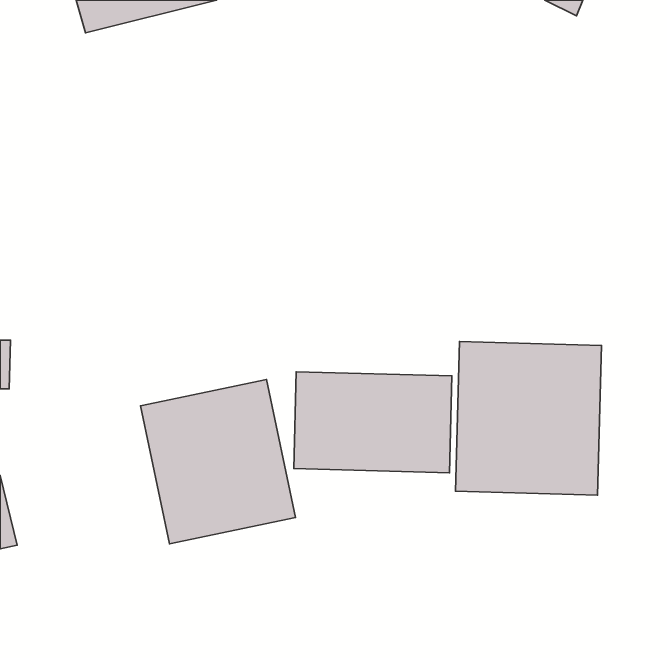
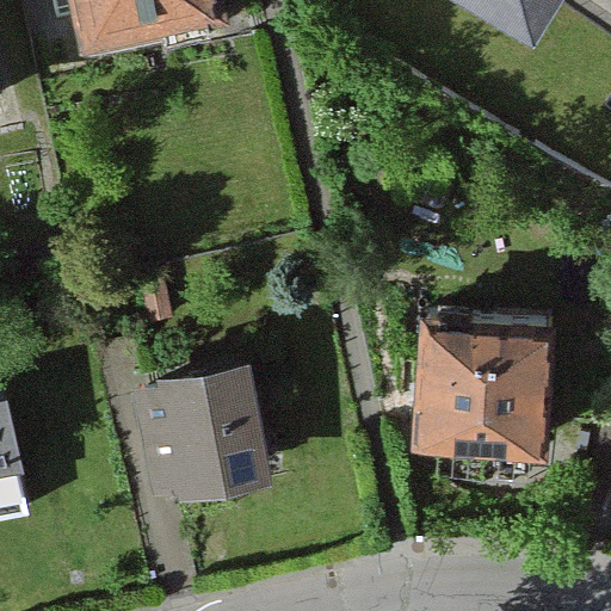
building: [294,372,452,473] -> none

